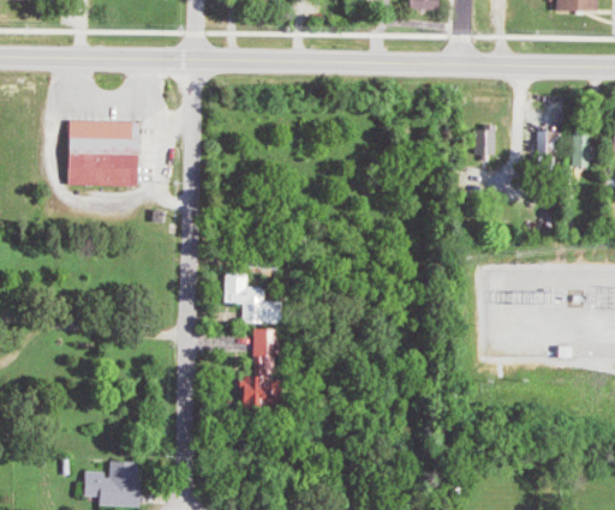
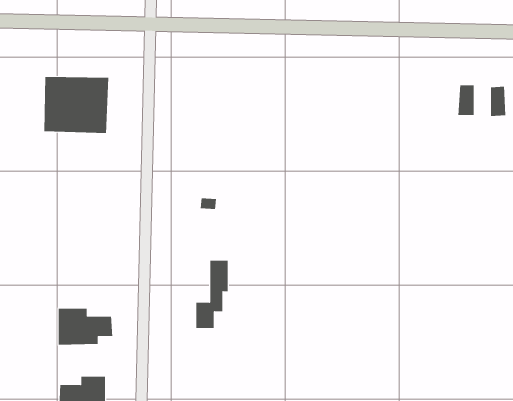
building: [476,126,495,156] -> none
building: [223,272,281,323] -> none
building: none -> [58,308,113,346]

